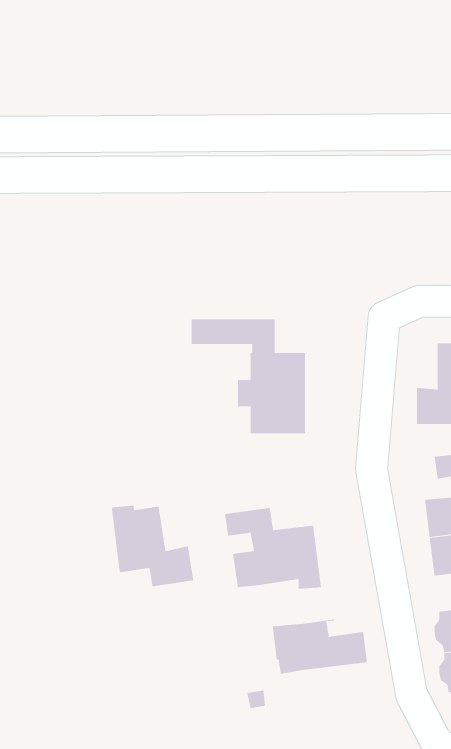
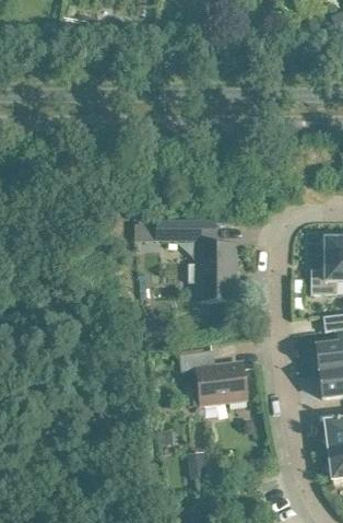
building: [111,505,194,587] -> none
building: [272,619,367,674] -> none

